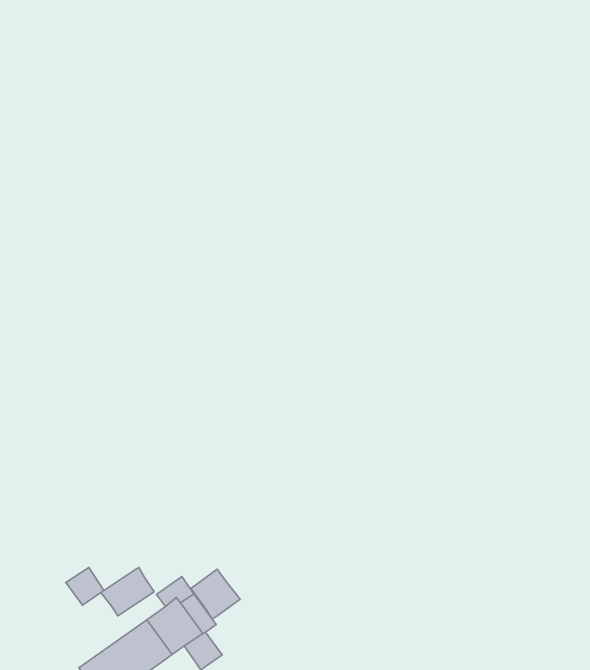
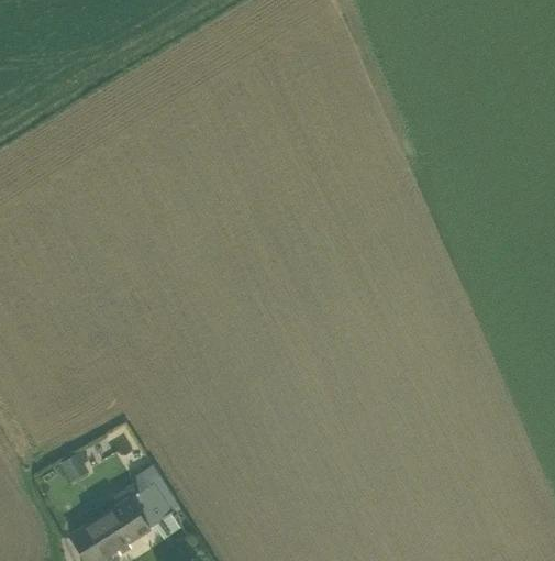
building: [101,568,154,616] -> none
building: [191,569,240,619] -> none

